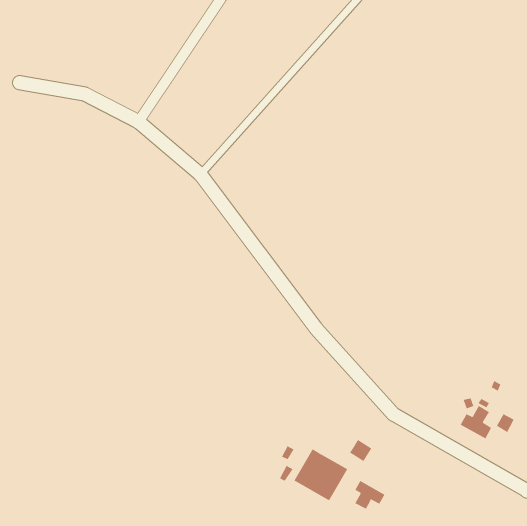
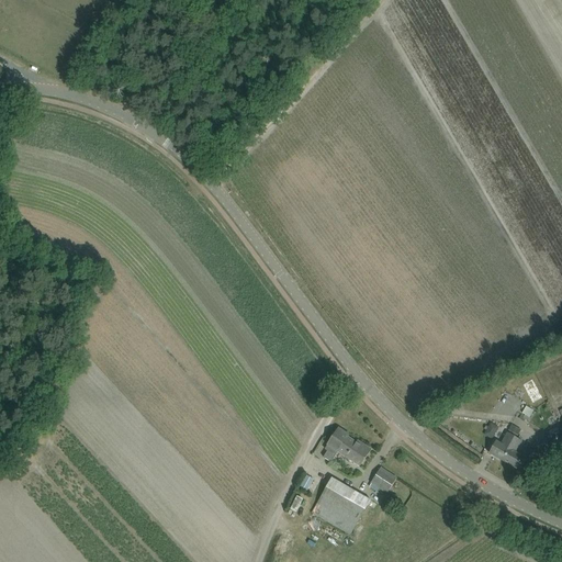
building: none -> [323,427,370,464]
building: [354,480,385,509] -> none

